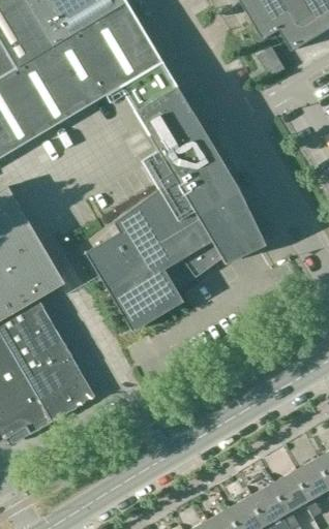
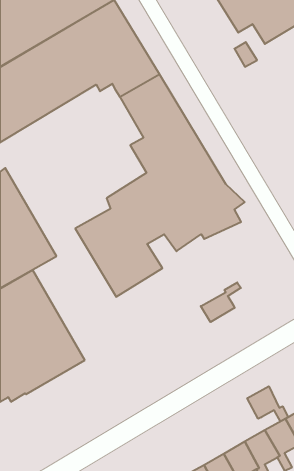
building: none -> [201,282,241,322]
building: none -> [247,386,288,422]

